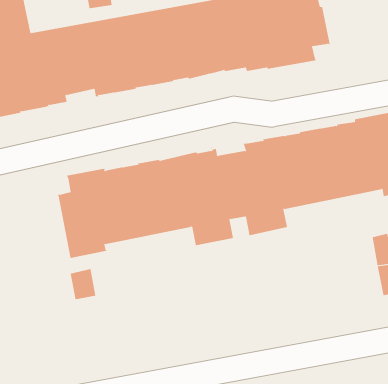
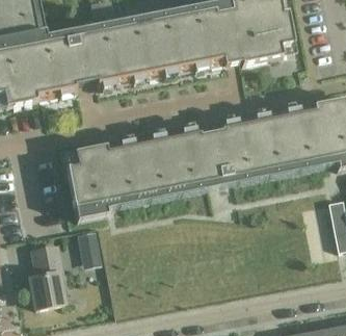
building: none -> [30,245,65,309]

